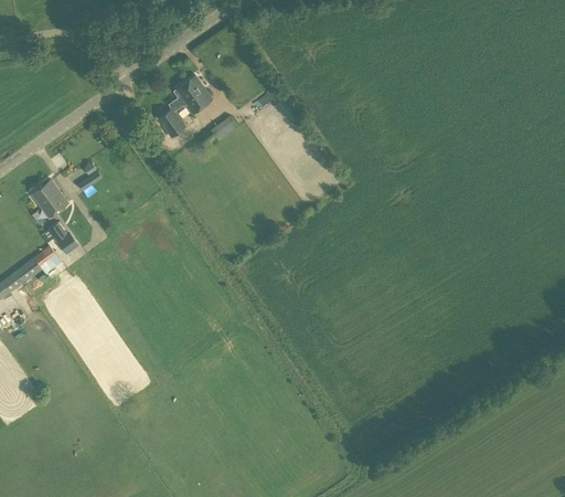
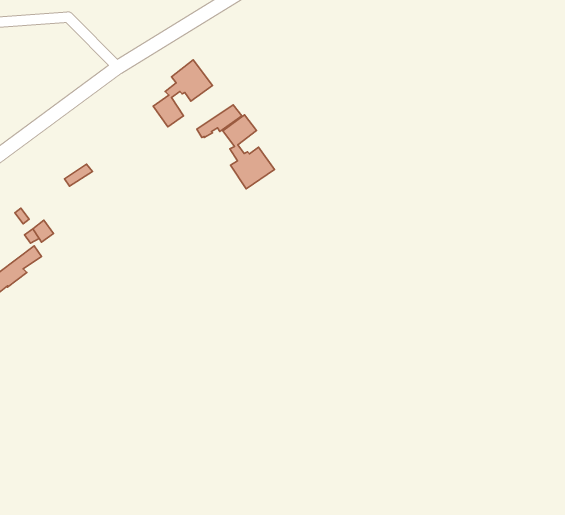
building: none -> [223,115,275,189]
building: [32,180,68,218] -> none

